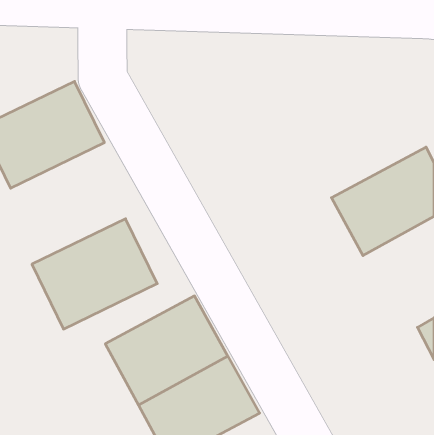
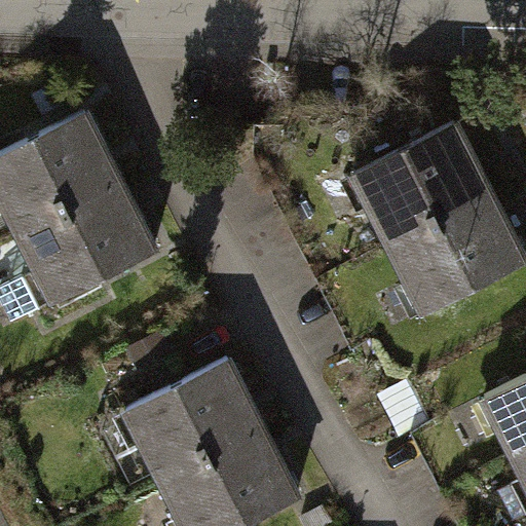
building: none -> [350,117,499,247]
building: [32,219,157,329] -> [12,182,159,311]

